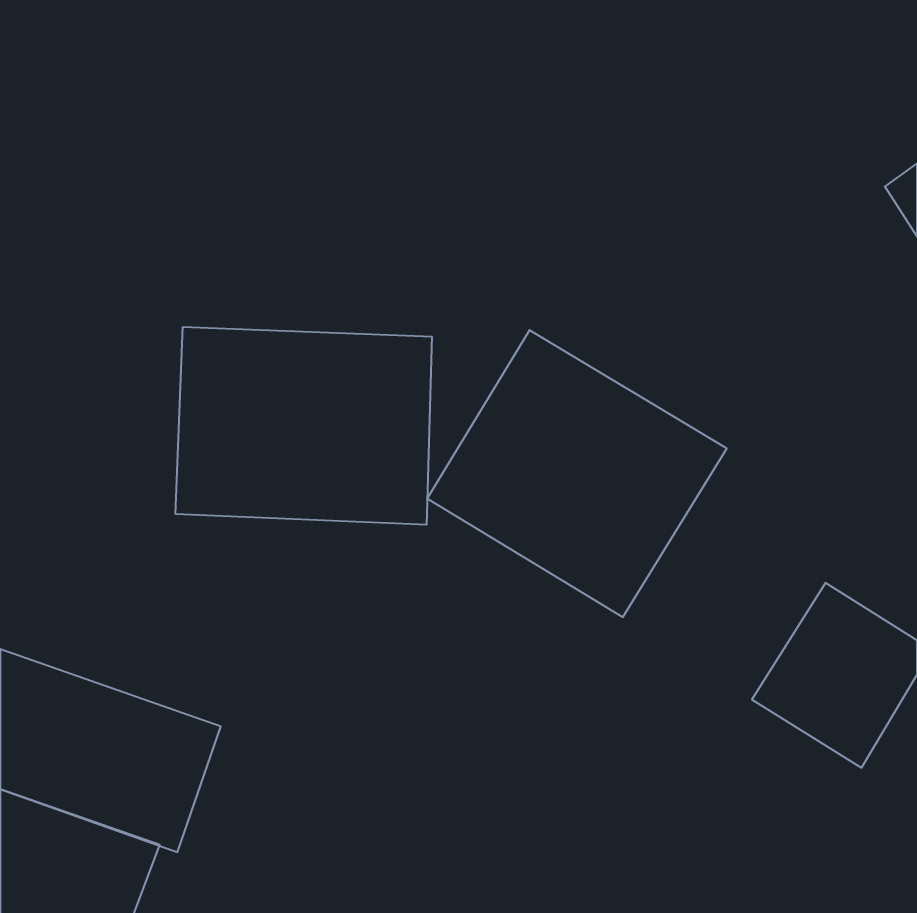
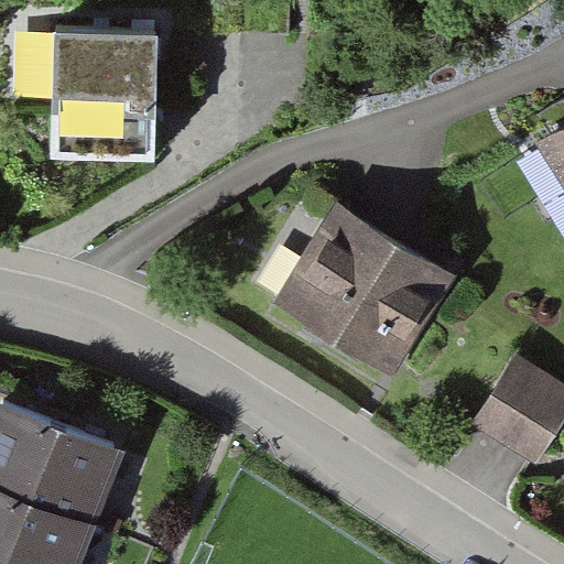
building: none -> [45,20,162,151]
building: [176,327,432,525] -> none

